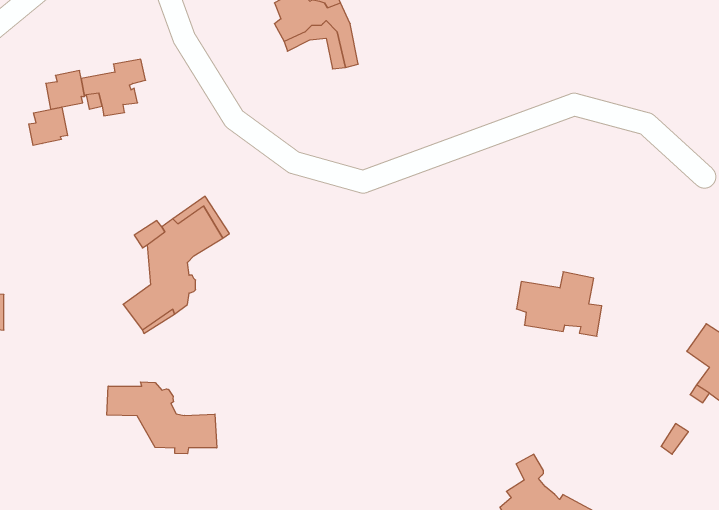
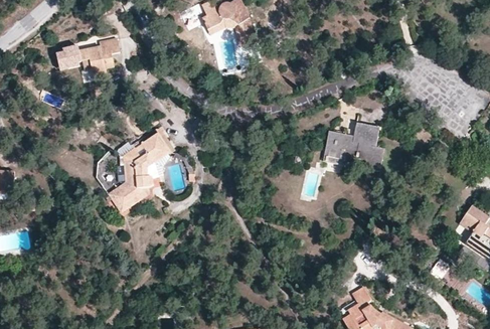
building: [29,107,68,145] -> none
building: [516,272,602,336] -> [326,125,379,165]
building: [107,382,217,454] -> none

